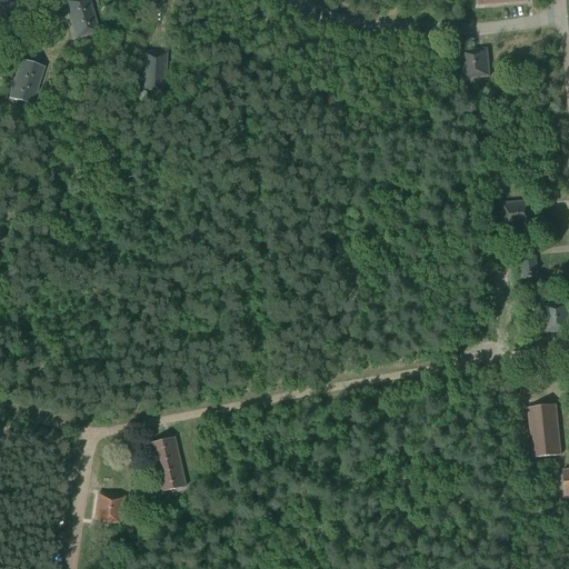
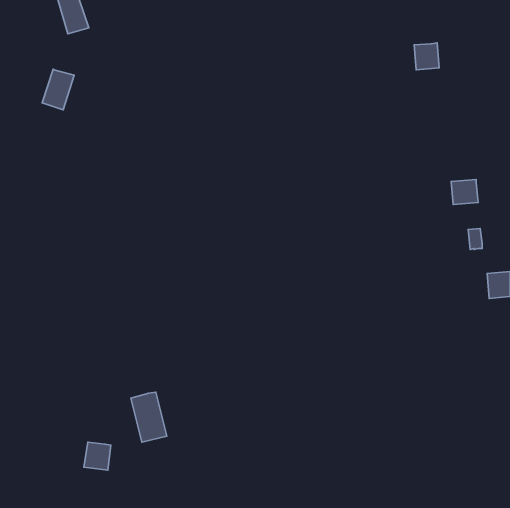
building: [140,51,167,92] -> none
building: [9,59,44,104] -> [42,69,74,110]
building: [528,403,561,457] -> none

